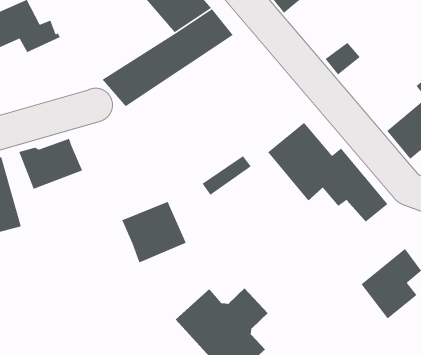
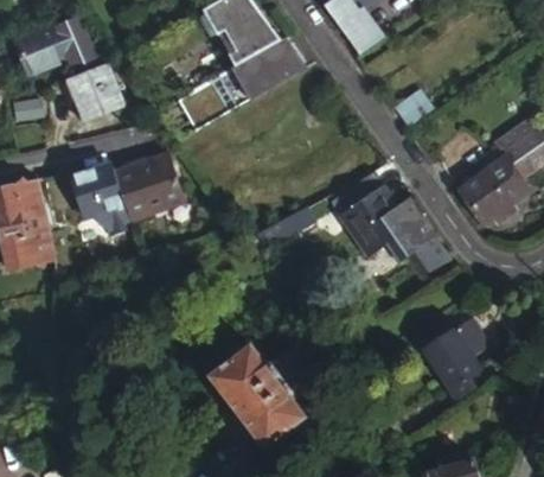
building: none -> [70,68,128,125]
building: [121,201,187,263] -> [116,161,185,227]

